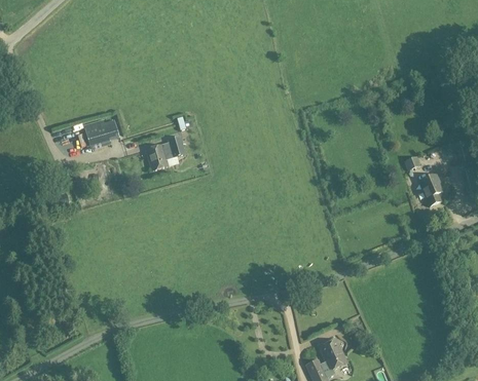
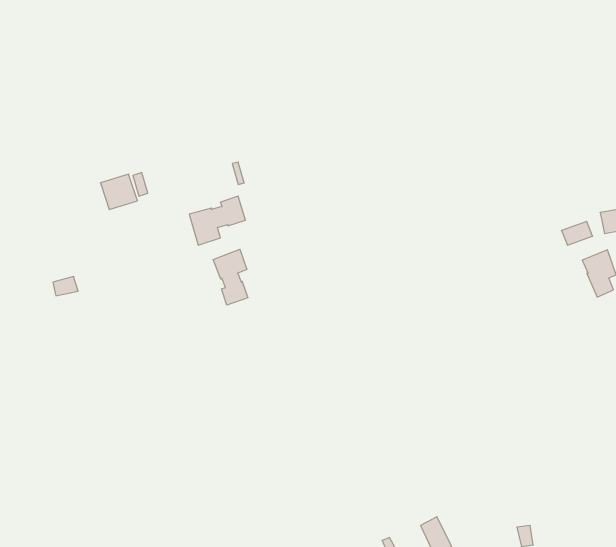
building: none -> [213,249,248,305]
building: [320,339,347,369] -> none

